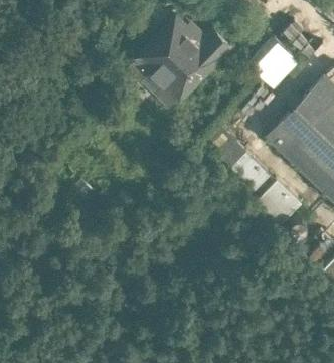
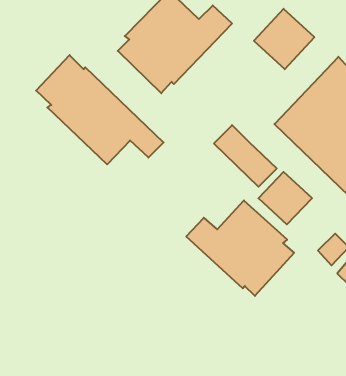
building: none -> [36,55,164,164]
building: none -> [186,200,294,296]

